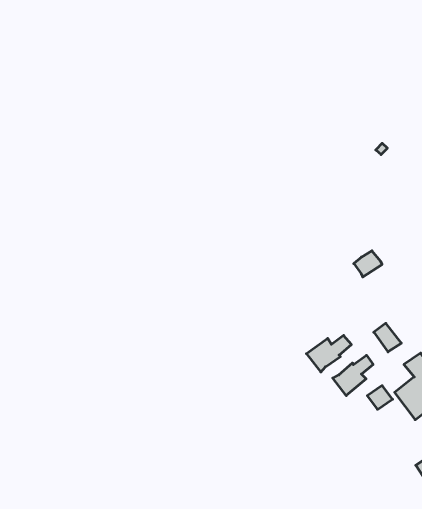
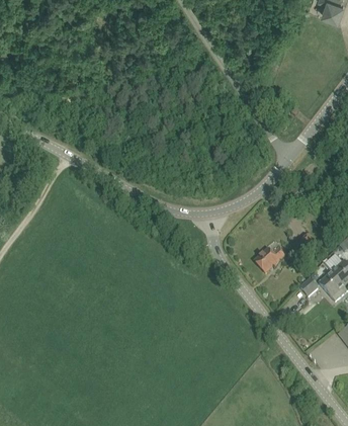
building: [333,355,373,396] -> none

